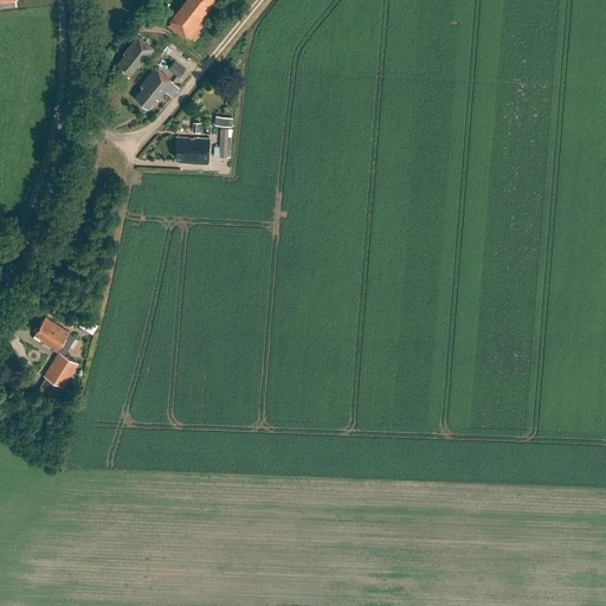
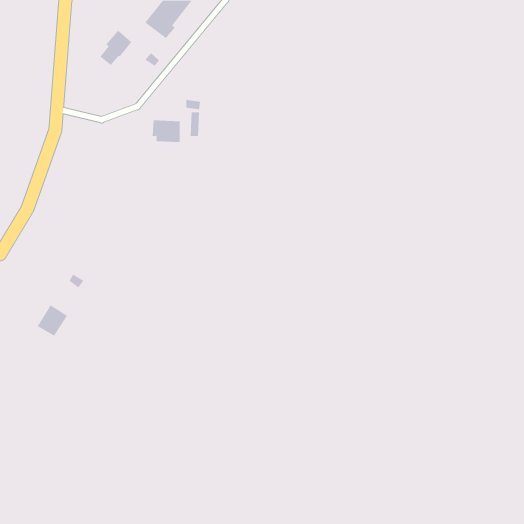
building: [134,69,170,109] -> none
building: [36,317,75,350] -> none

